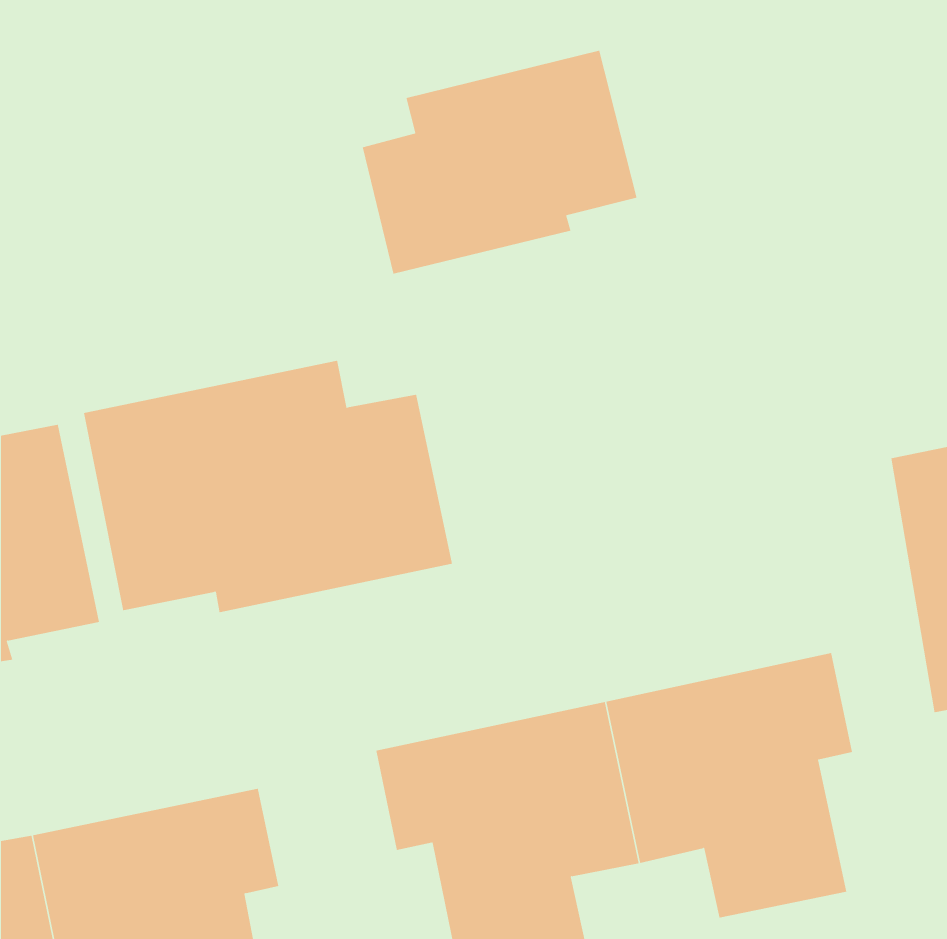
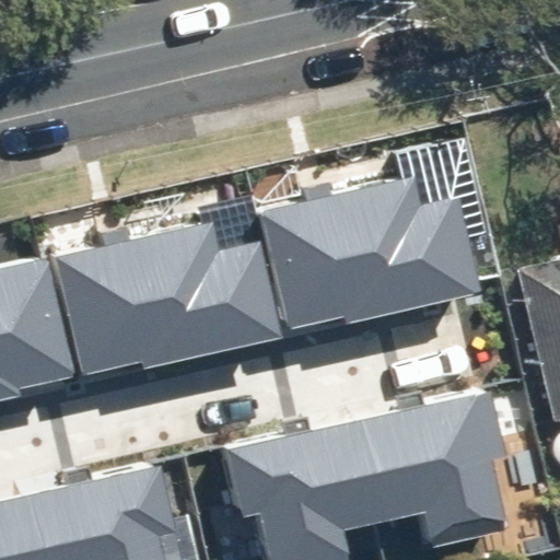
building: [362,50,637,275] -> none
building: none -> [256,170,474,320]

